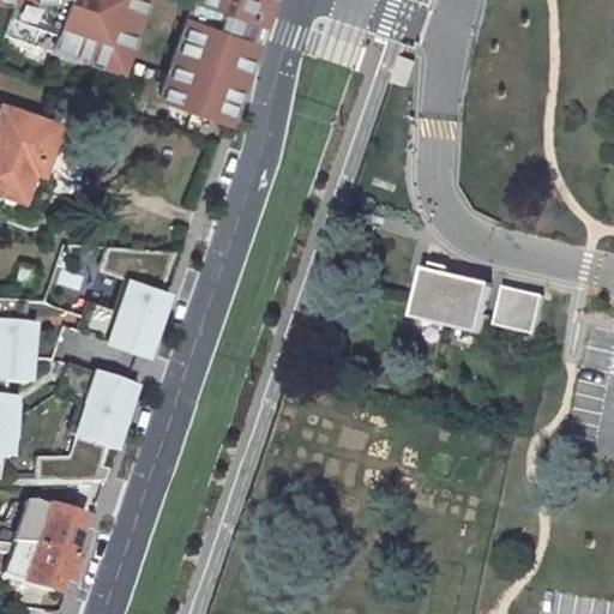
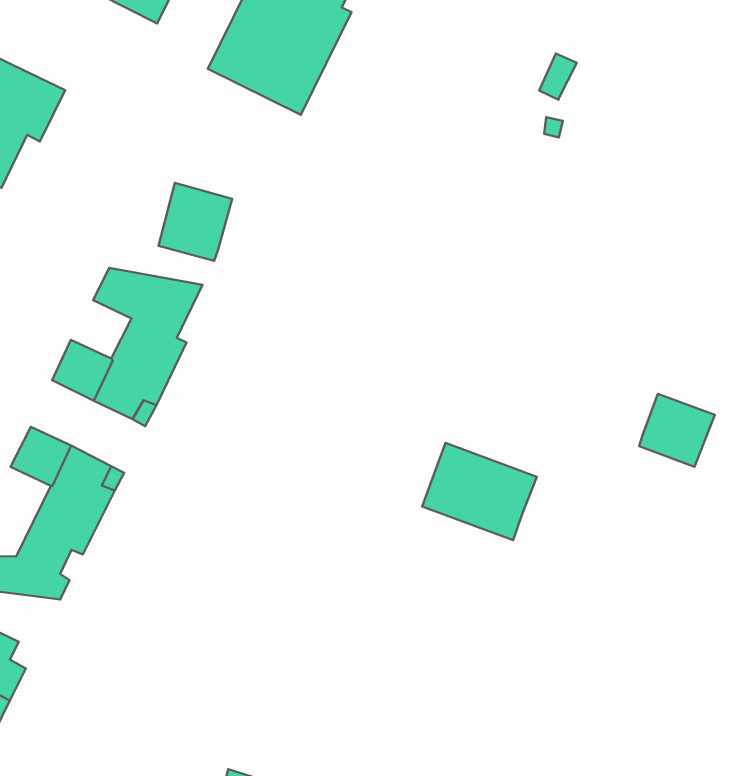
building: none -> [158,183,232,261]
building: [416,270,494,332] -> [422,443,537,540]

